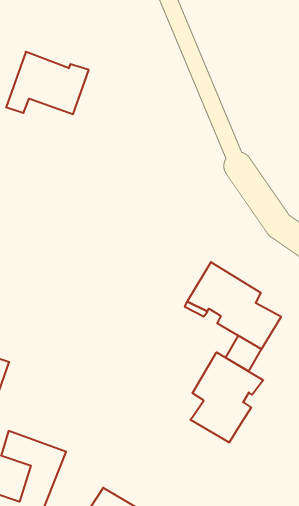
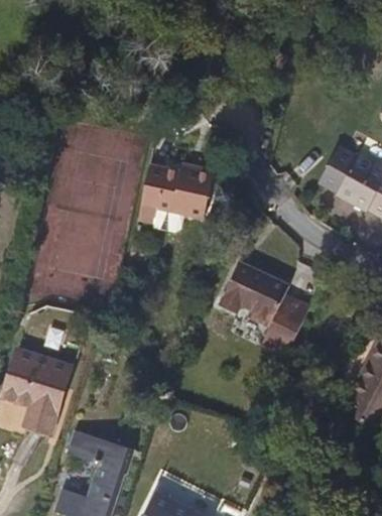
building: [6,52,89,114] -> [131,149,207,208]
building: [190,352,263,443] -> none

